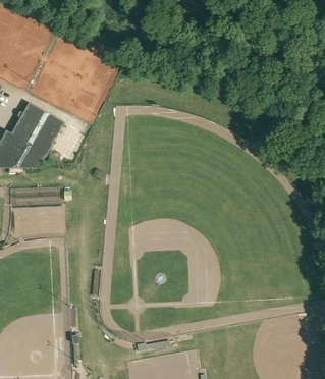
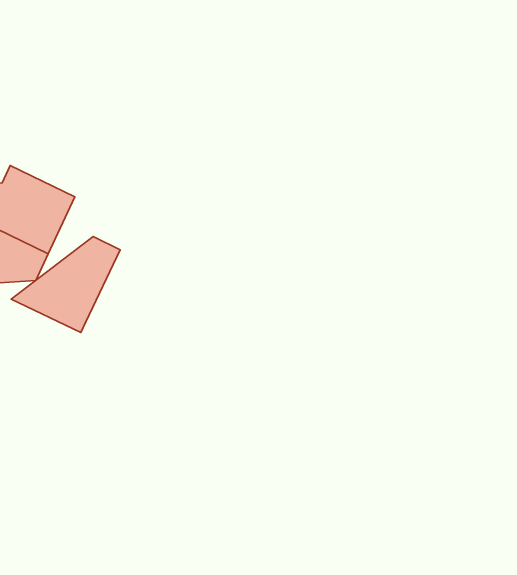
building: none -> [11,237,120,333]

